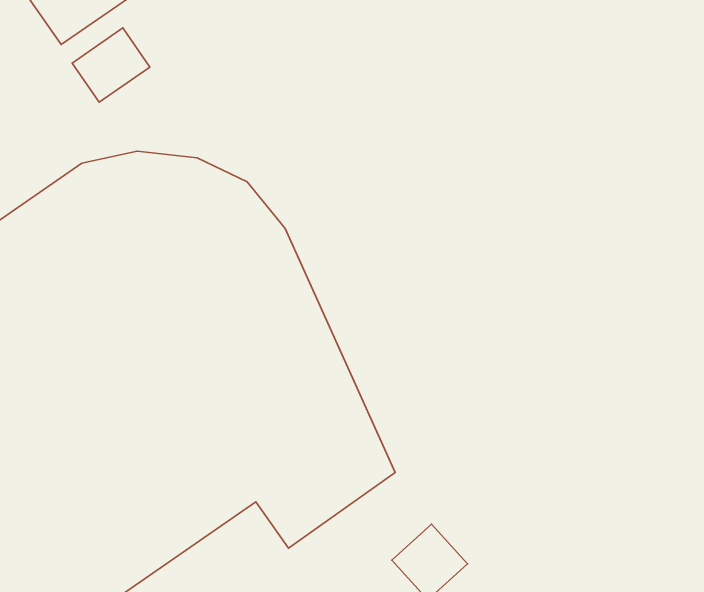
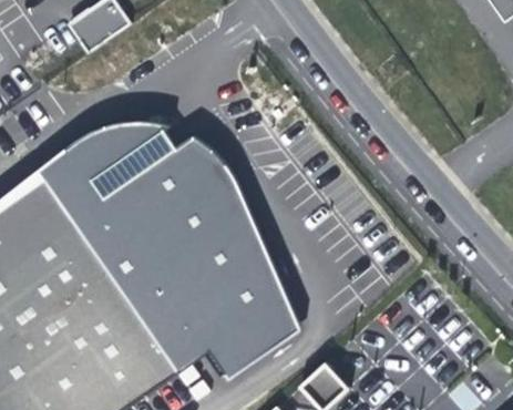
building: [72,28,150,102] -> none

